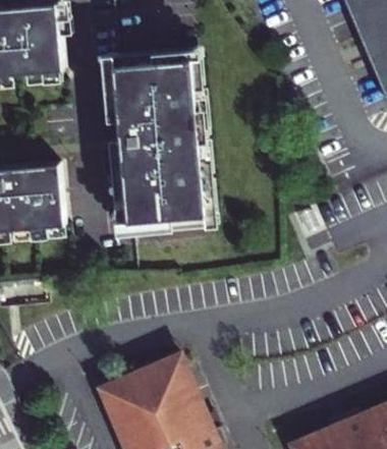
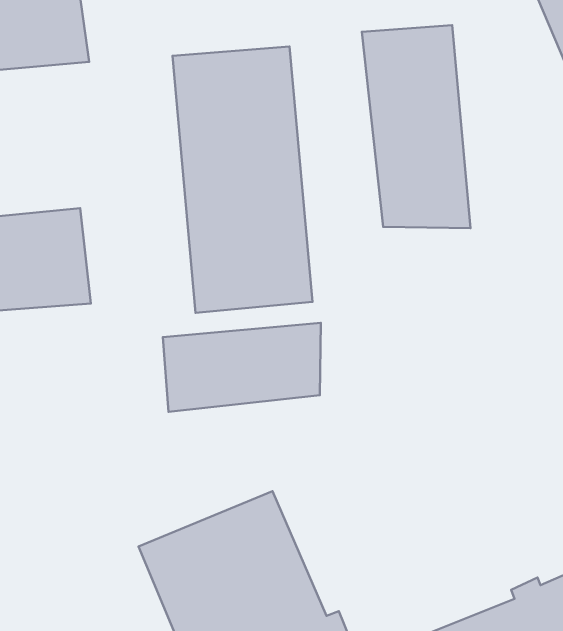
building: none -> [362,25,471,228]
building: none -> [163,323,321,412]

